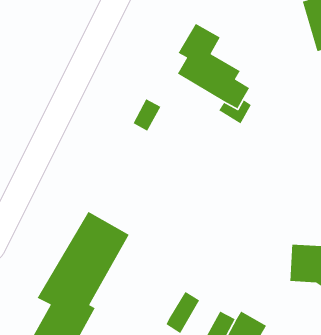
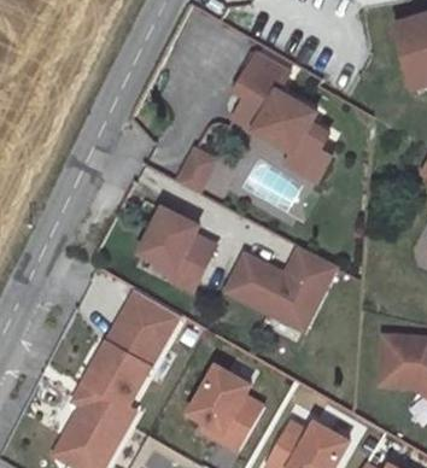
building: none -> [141,206,214,289]
building: none -> [227,251,334,329]
building: none -> [192,367,252,432]

